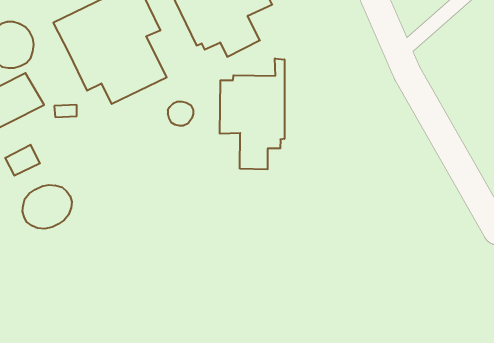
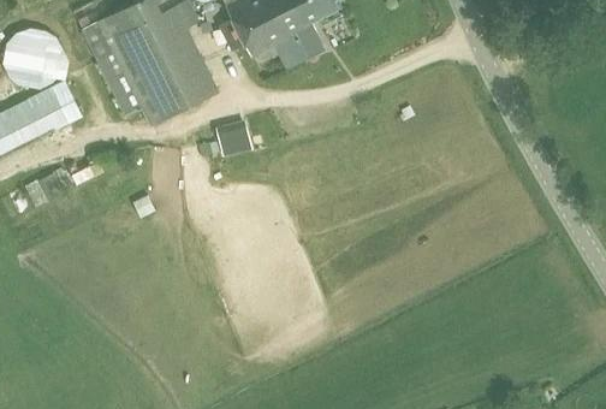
building: [220,58,284,169] -> none
building: [23,185,72,229] -> none

